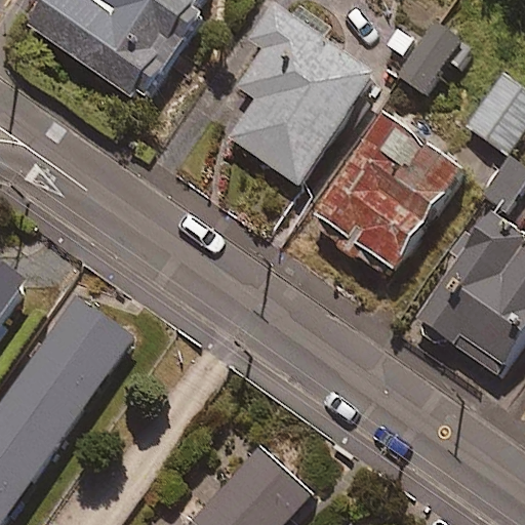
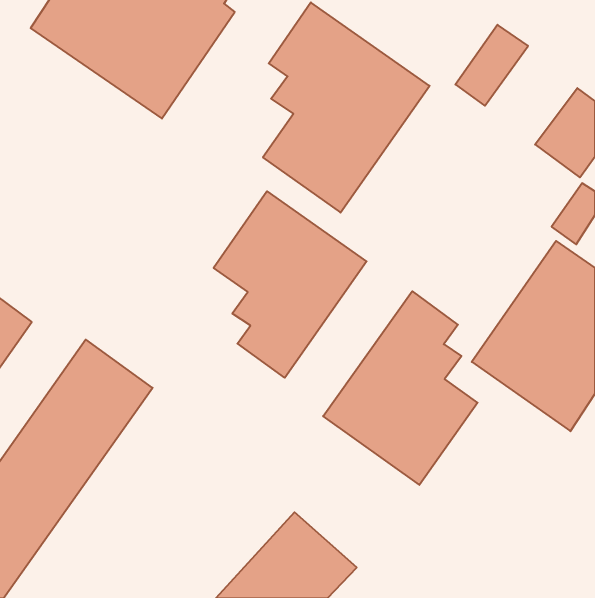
building: [312,114,463,272] -> none
building: none -> [214,191,367,378]
building: none -> [323,291,478,485]

